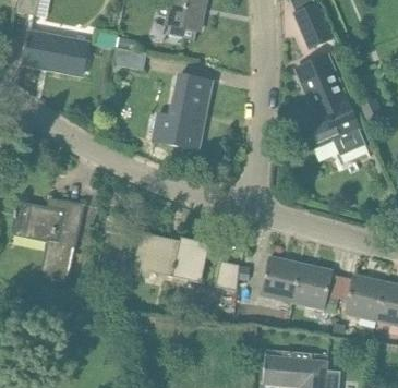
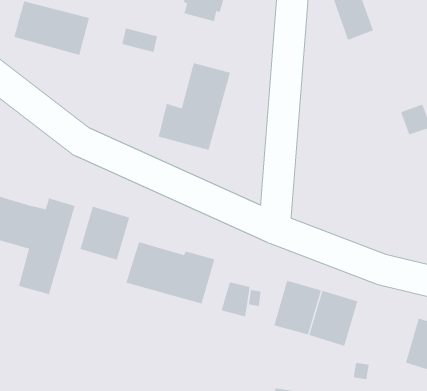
building: [294,54,364,155] -> none
building: none -> [80,206,130,261]
building: [345,275,385,320] -> none

